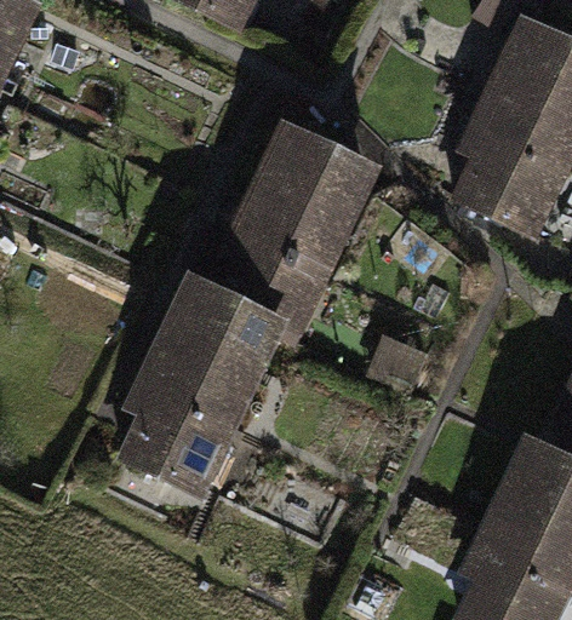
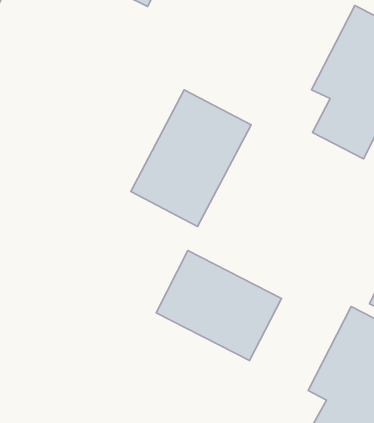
building: [132,274,287,486] -> none
building: none -> [156,251,281,361]

